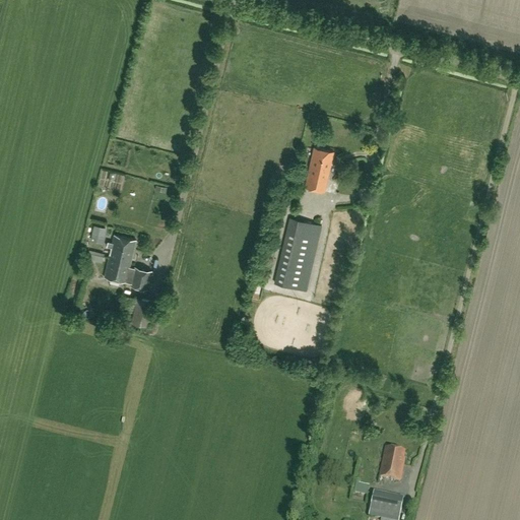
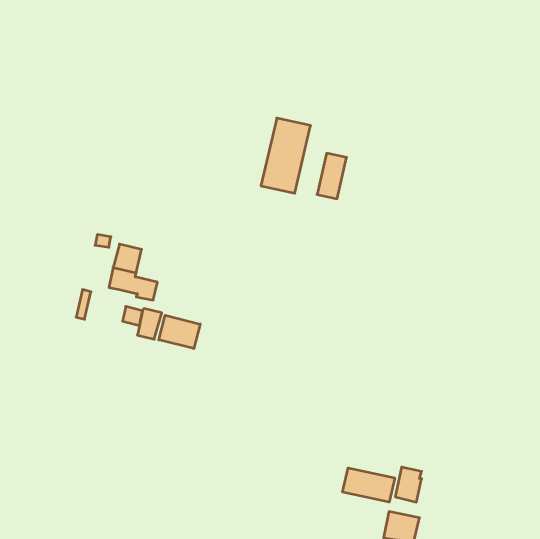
building: [274,219,322,291] -> [261,118,311,193]
building: none -> [159,315,200,349]
building: none -> [343,468,395,502]

